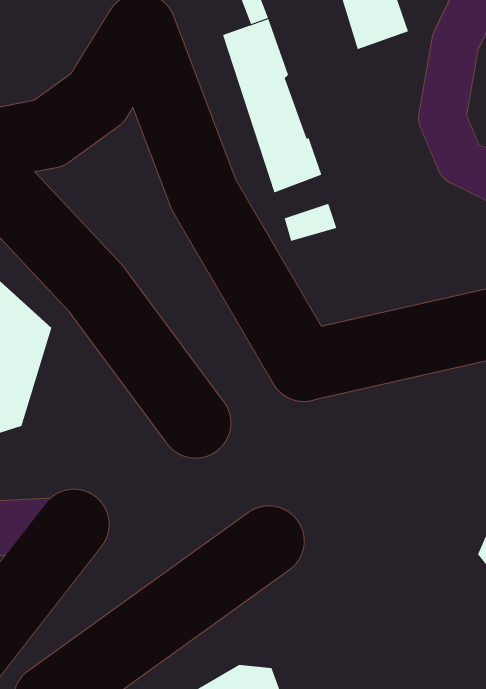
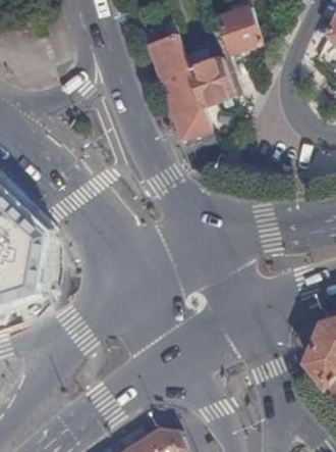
building: none -> [187,57,234,107]

